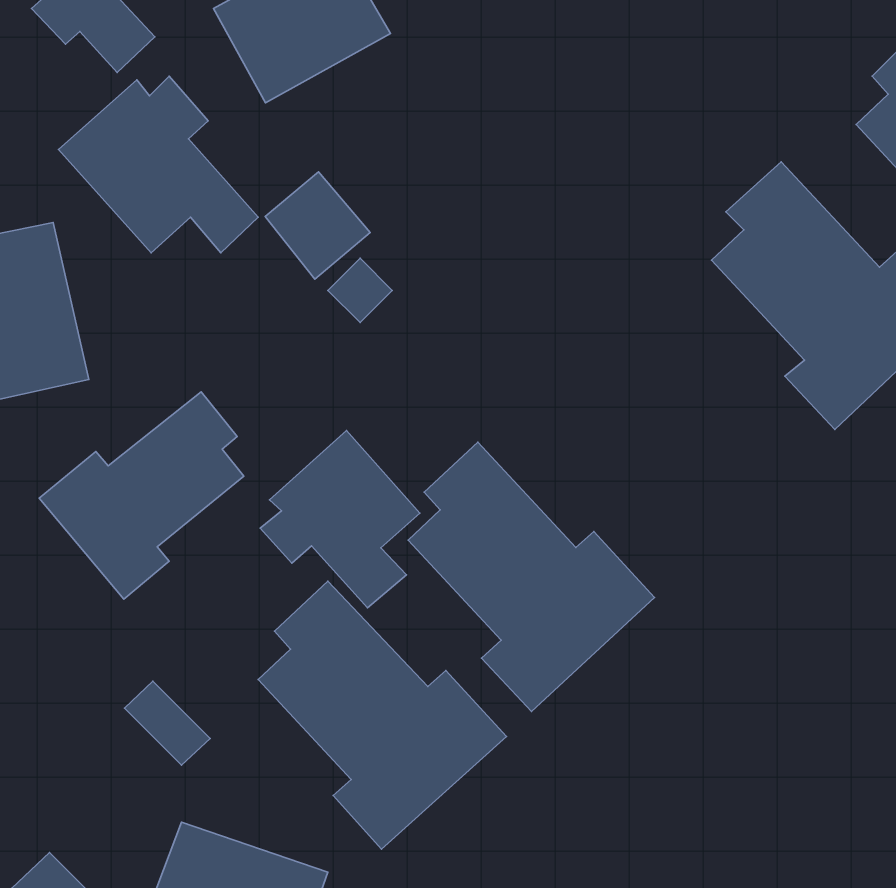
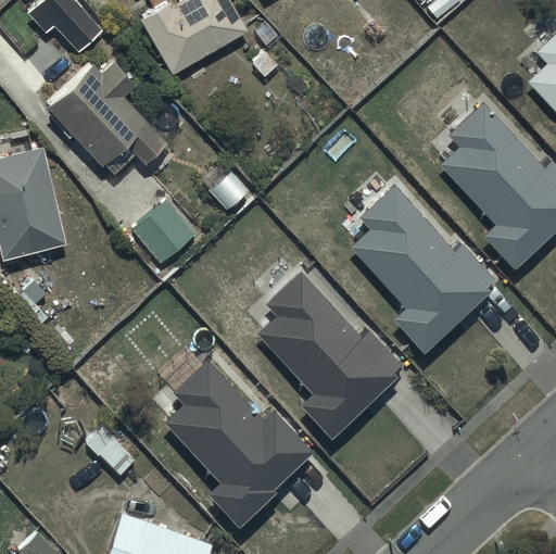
building: [265,172,370,279] -> [130,199,194,264]
building: none -> [352,189,502,352]
building: [39,392,244,599] -> none
building: [260,430,420,608] -> none

